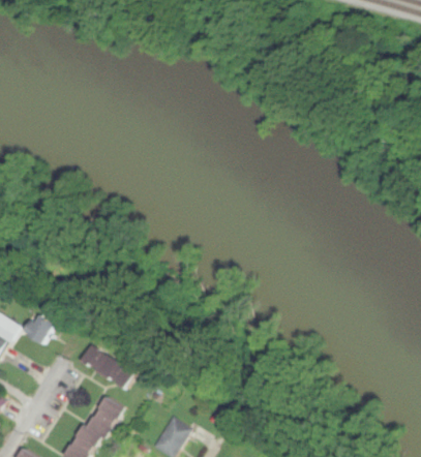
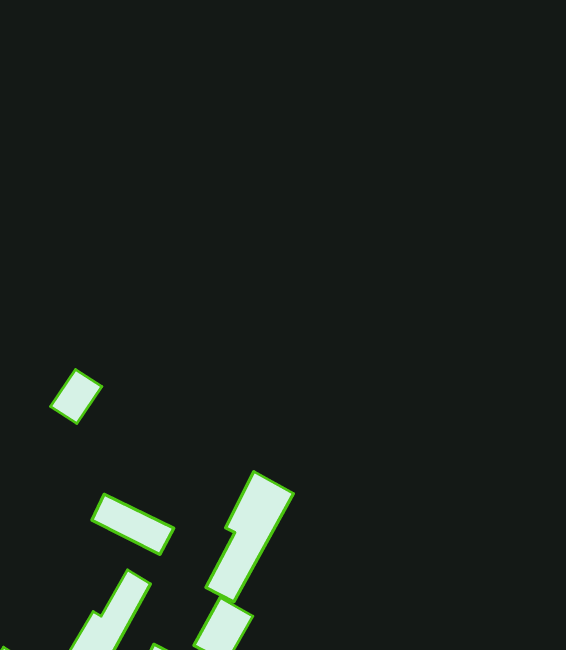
building: [25,307,59,343] -> [51,369,102,424]
building: none -> [206,471,293,602]

